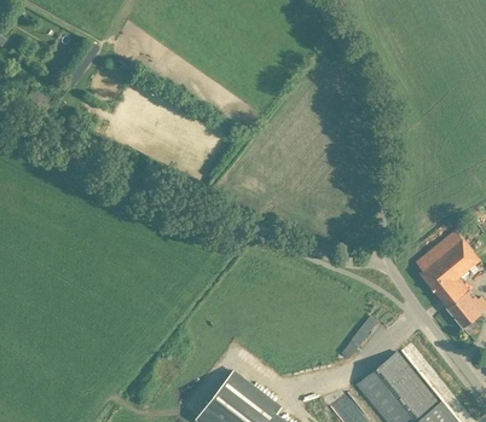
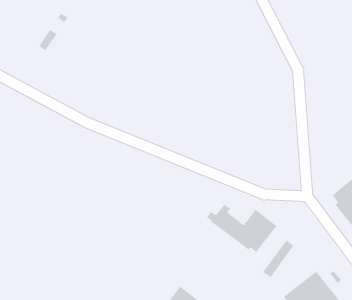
building: none -> [206,204,277,253]

